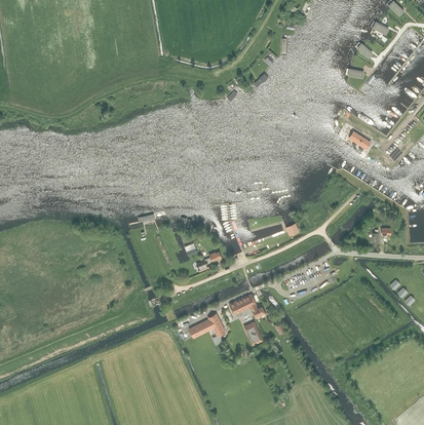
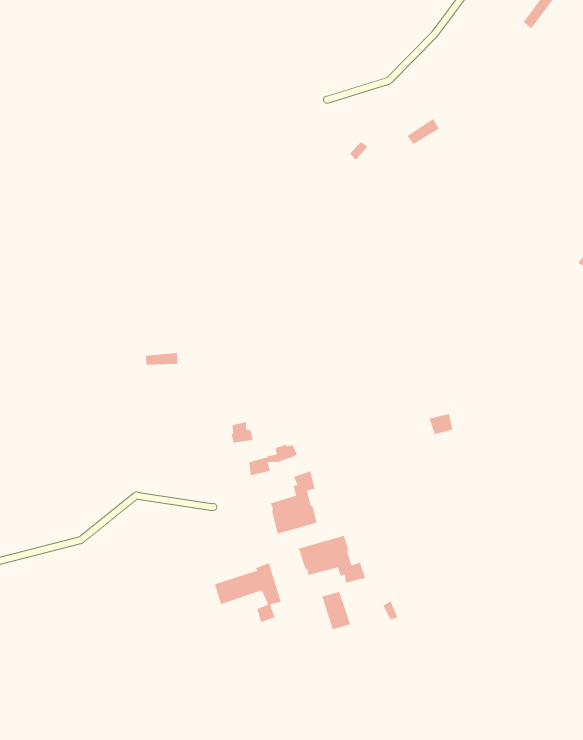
building: none -> [270,470,318,535]

